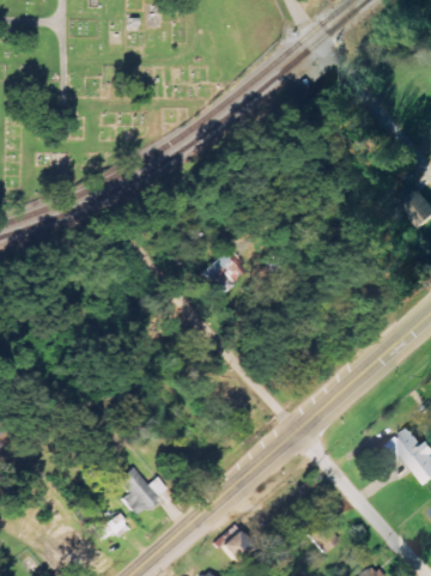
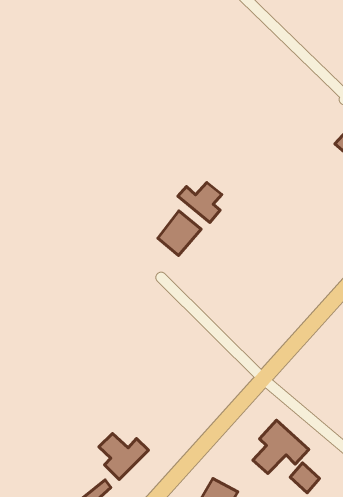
building: none -> [178,182,222,223]
building: none -> [253,420,309,474]

